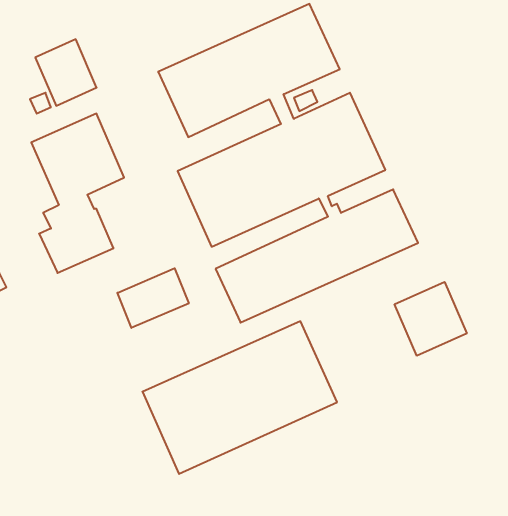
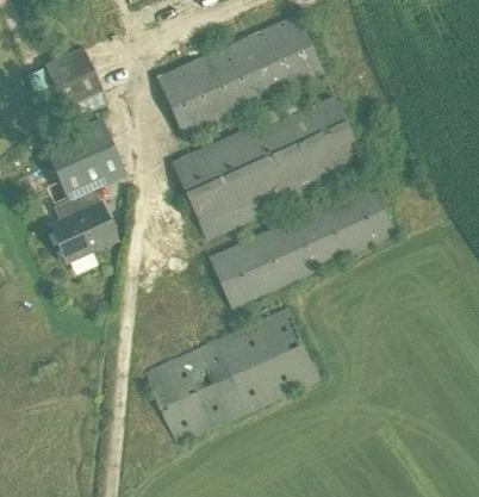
building: [117,268,189,328] -> none
building: [395,282,467,356] -> none

